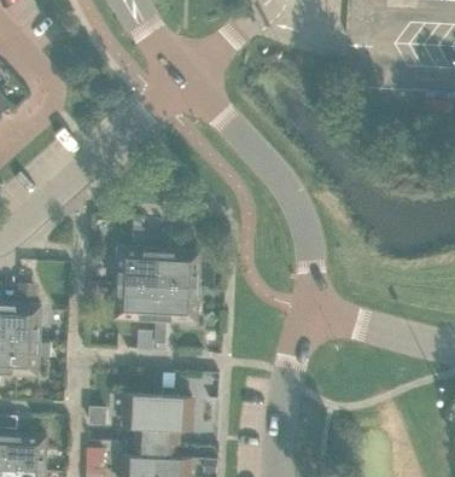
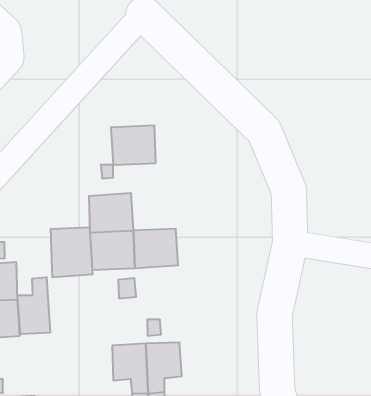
building: [157,246,200,285] -> [111,126,156,165]
building: none -> [51,227,93,277]
building: none -> [17,277,50,334]

